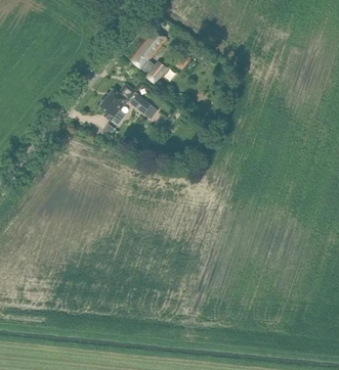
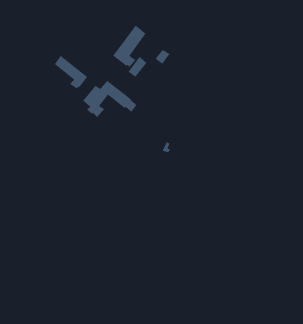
building: none -> [54,55,88,90]

